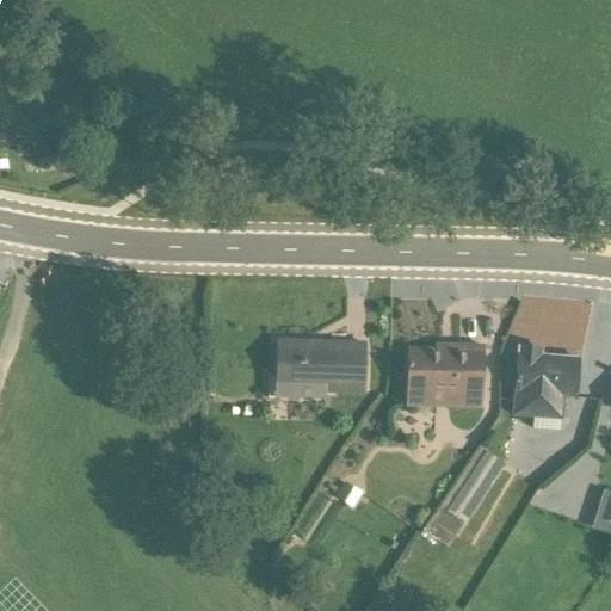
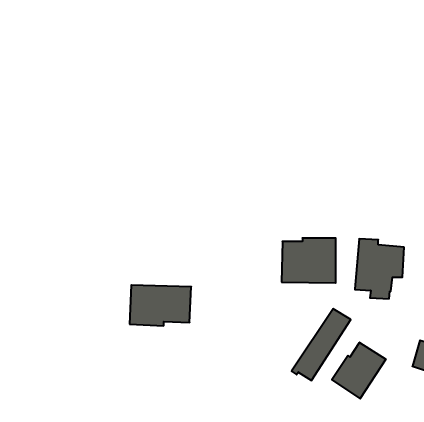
building: [277,339,365,397] -> [130,285,191,326]
building: none -> [332,342,386,399]

